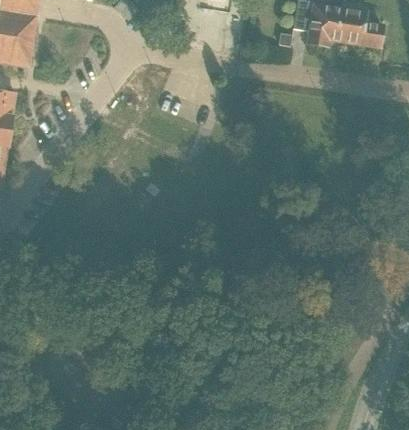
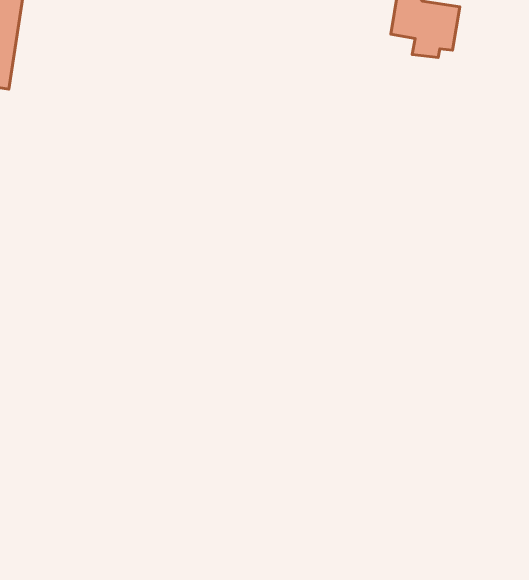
building: [335,8,381,45] -> none

